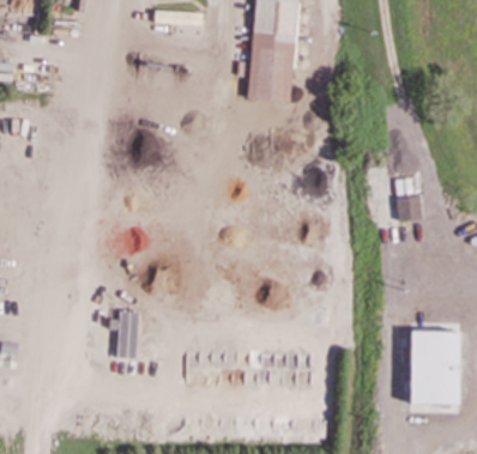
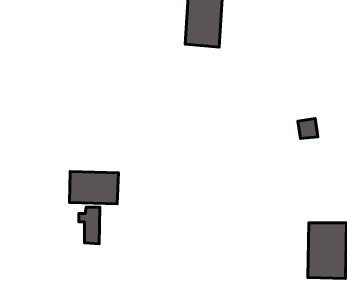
building: none -> [70,172,118,204]

